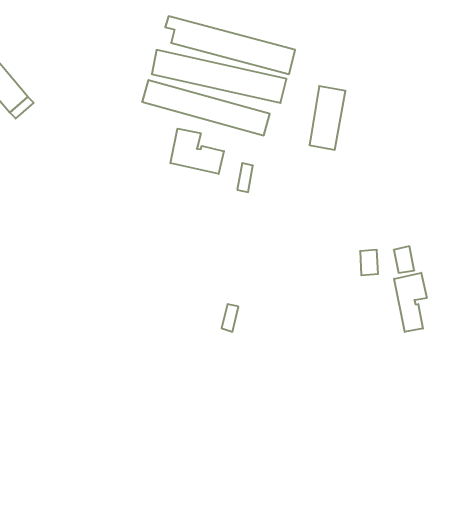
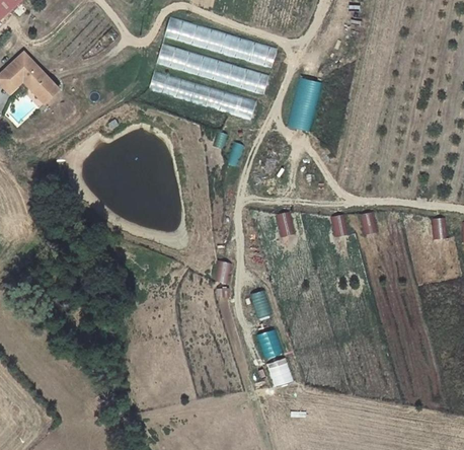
building: [170,129,224,174] -> none
building: none -> [275,210,297,236]
building: [394,273,427,332] -> none

